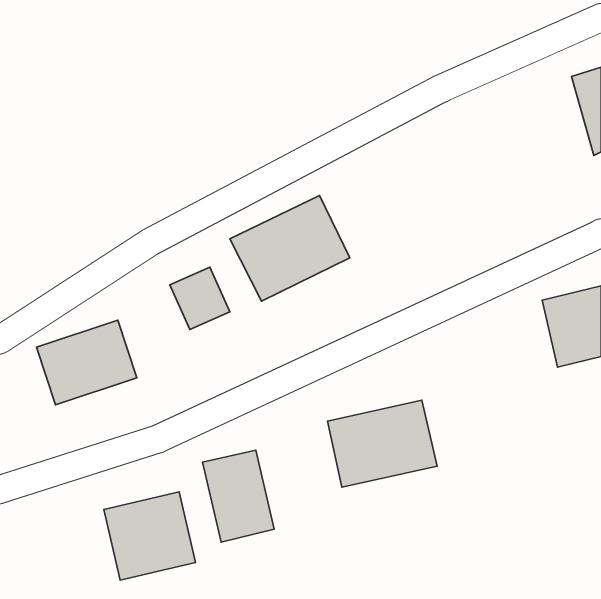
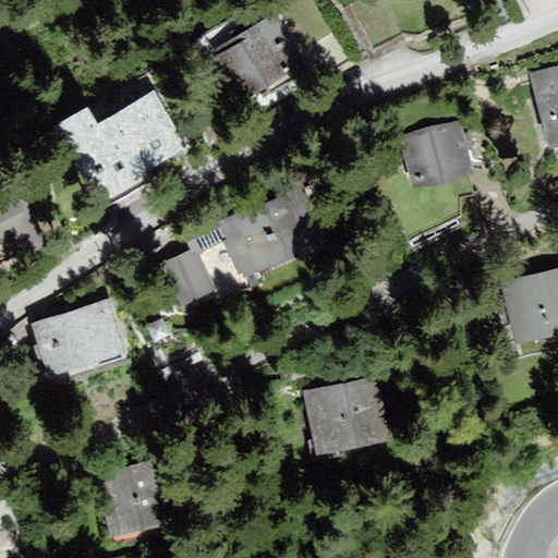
building: none -> [209,15,305,105]
building: none -> [52,88,193,206]
building: none -> [399,121,474,186]
building: [202,450,274,542] -> none

